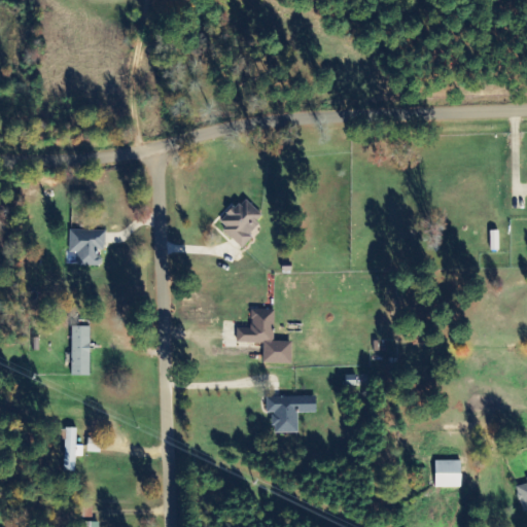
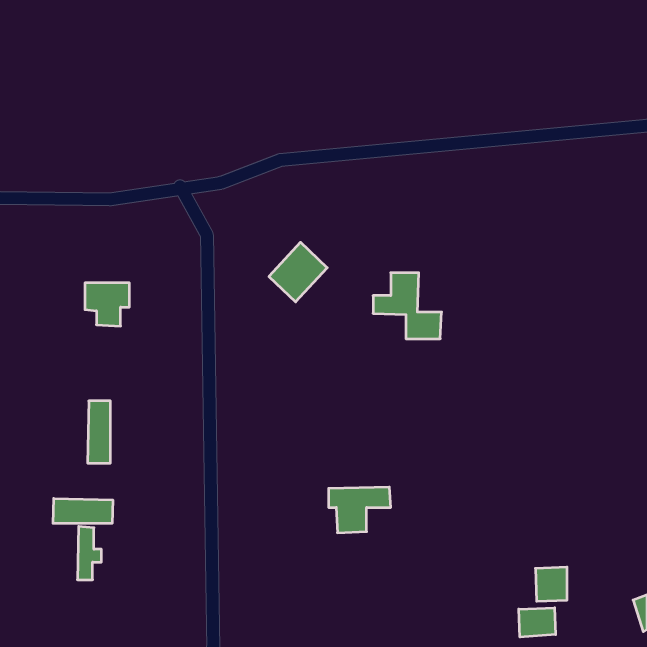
building: [237,309,292,362] -> [373,273,442,339]
building: none -> [53,498,113,523]
building: none -> [519,608,556,637]

